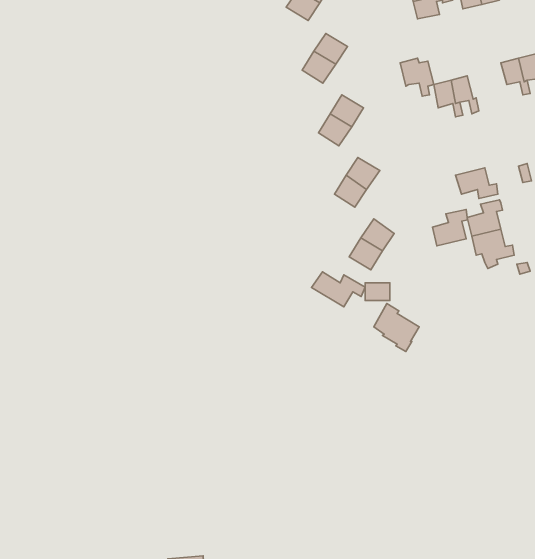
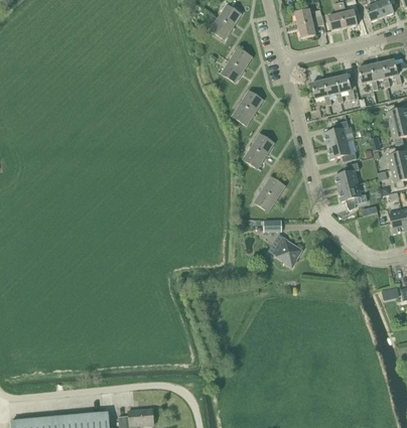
building: [400,58,434,96] -> [334,74,358,100]
building: [433,210,468,246] -> [323,120,348,145]
building: [312,272,365,307] -> none

